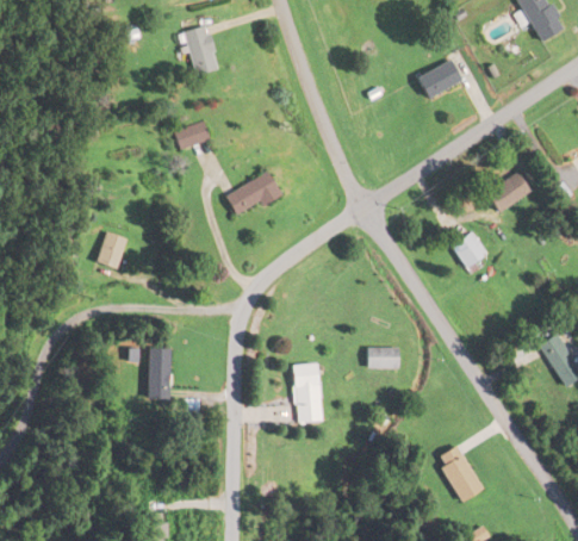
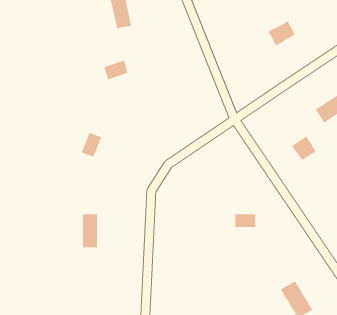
building: [226,172,282,218] -> none
building: [95,230,126,267] -> [81,132,102,157]
building: [294,362,322,421] -> none

